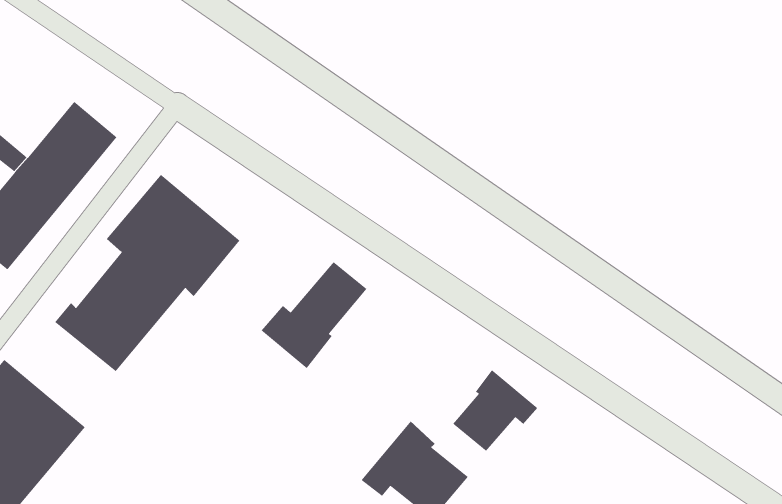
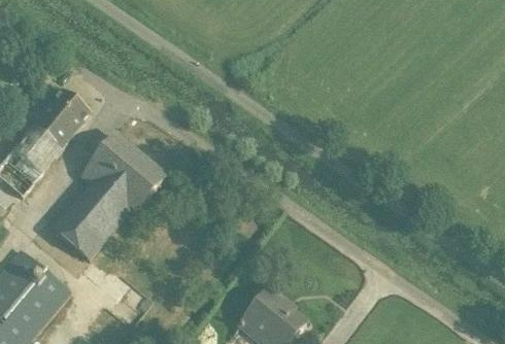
building: [260,261,368,369] -> none
building: [452,369,538,452] -> none

